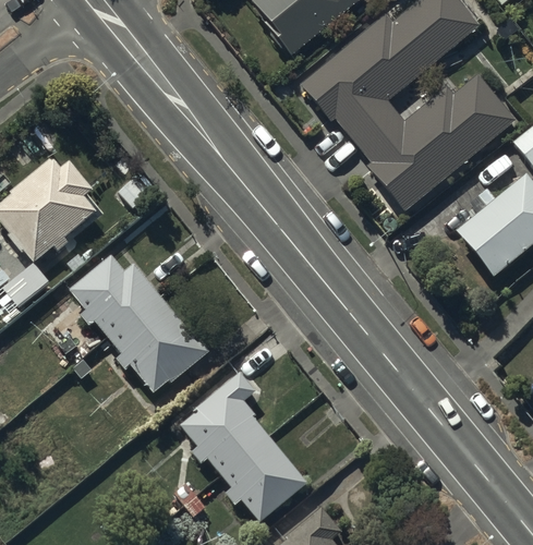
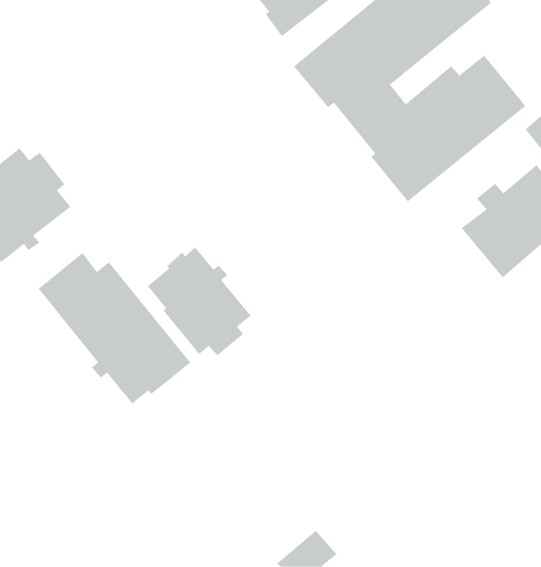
building: none -> [147,247,252,356]
building: [179,373,308,522] -> none

